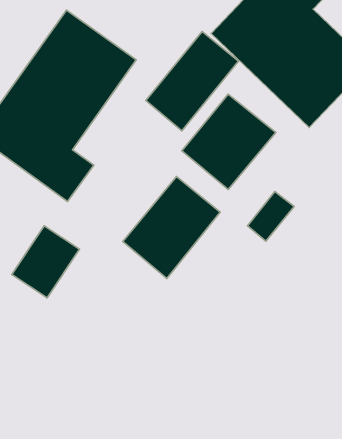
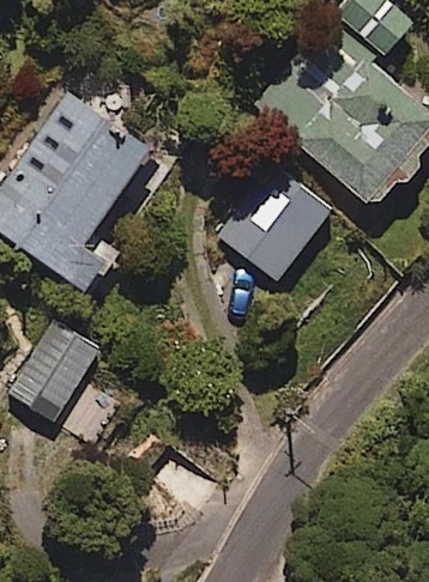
building: [146,31,239,131] -> none
building: [123,177,220,278] -> none

